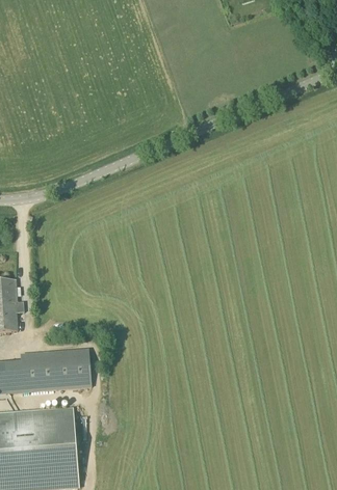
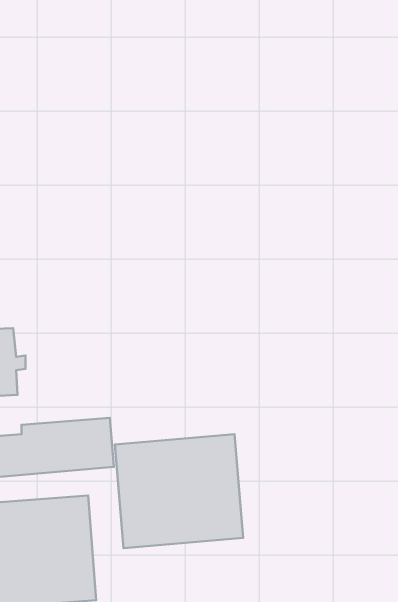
building: none -> [115,434,243,548]

